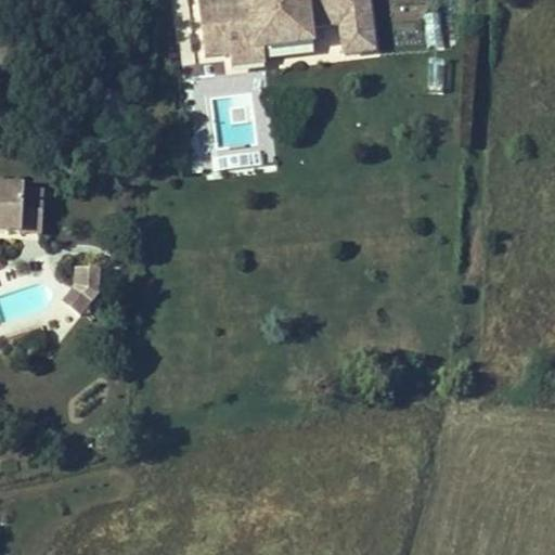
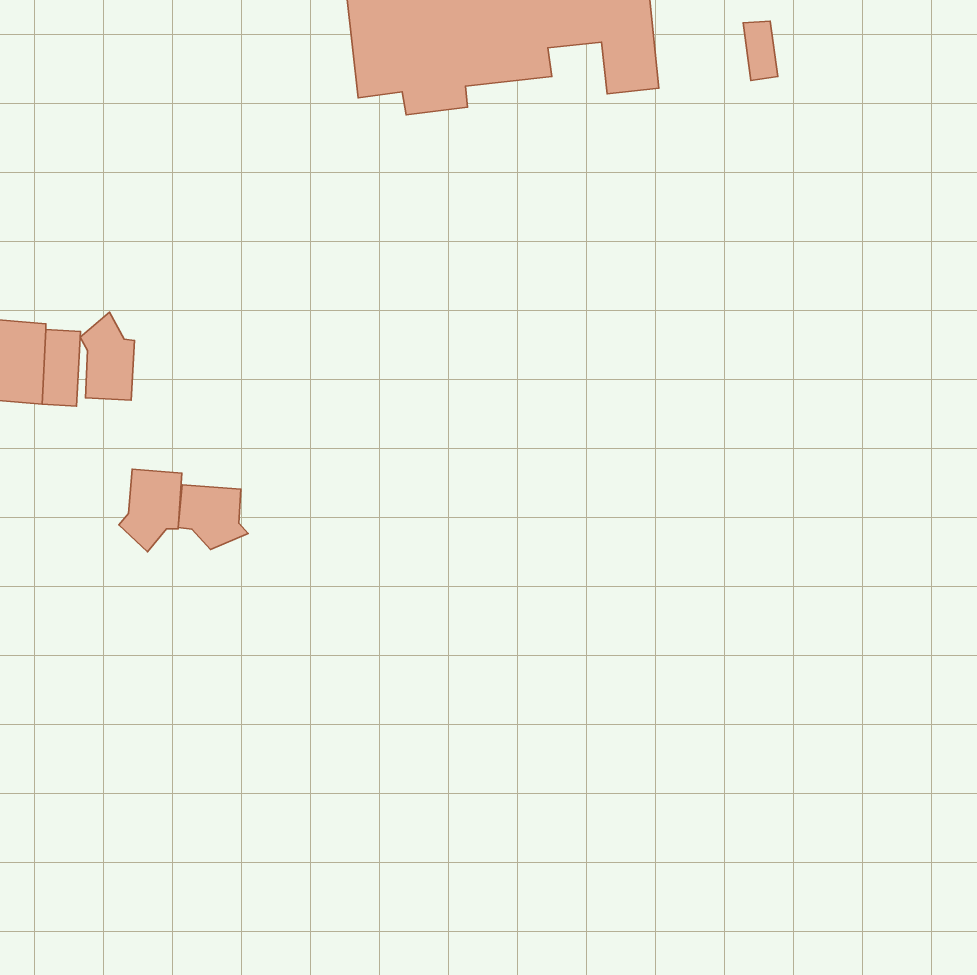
building: none -> [80,312,135,400]
building: none -> [178,485,248,549]

